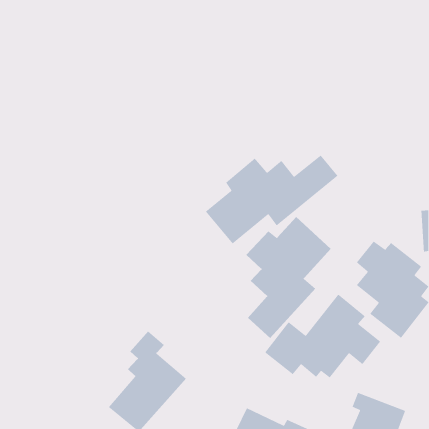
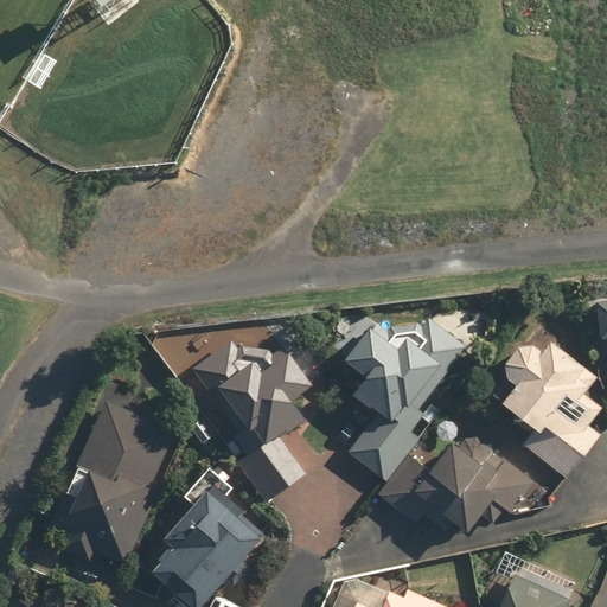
building: [205,155,338,245] -> none
building: none -> [190,326,312,504]
building: none -> [49,394,177,566]

